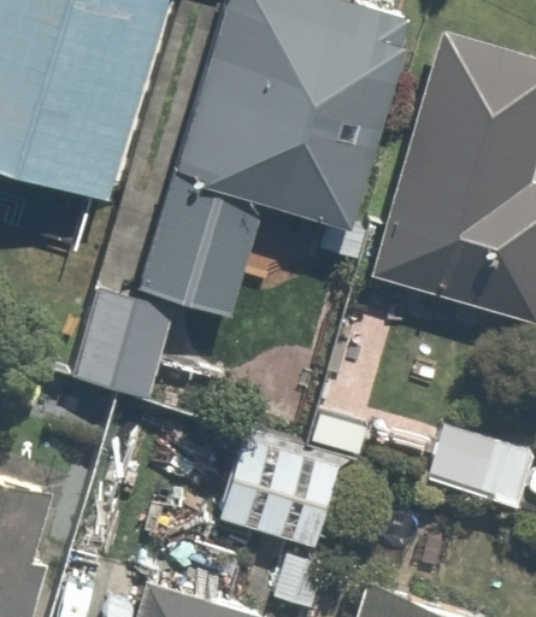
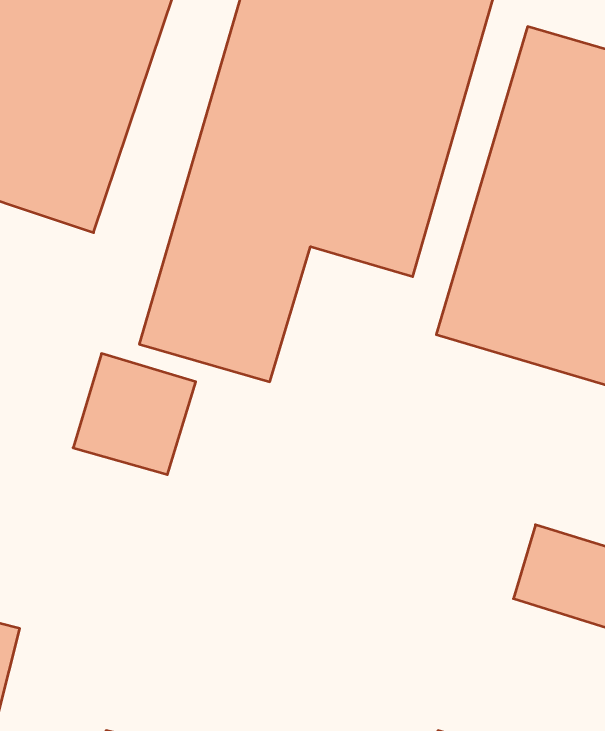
building: [214,433,354,562] -> none

